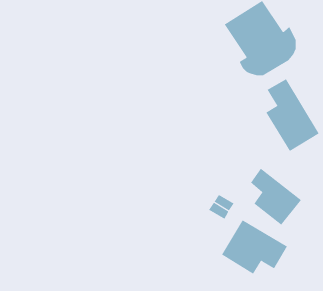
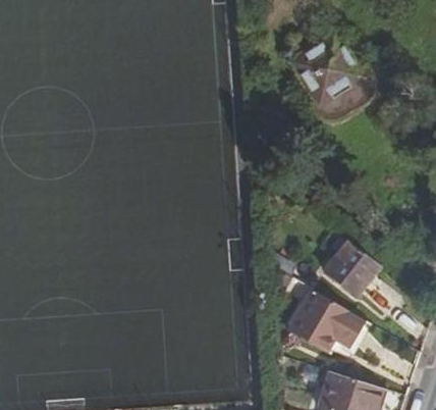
building: [266,78,320,152] -> none

